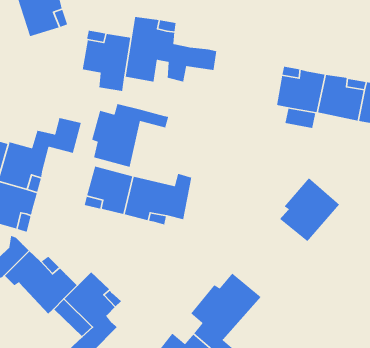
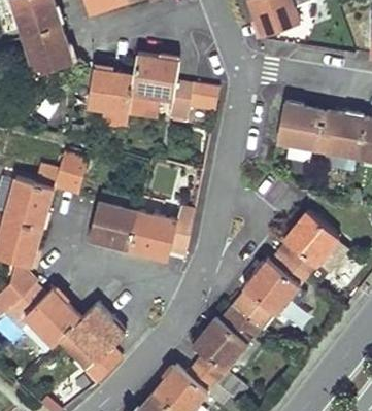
building: [91,103,169,168] -> none
building: none -> [233,253,307,330]

